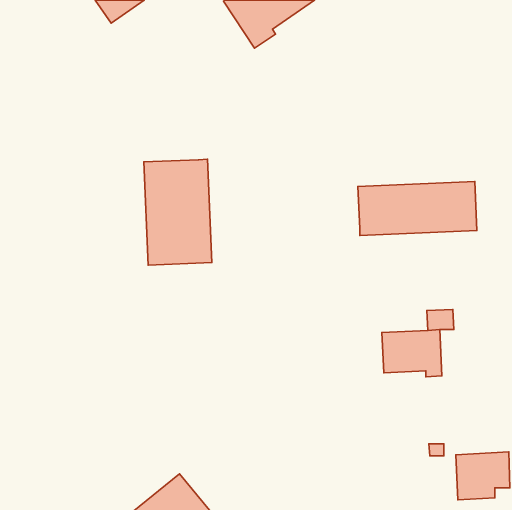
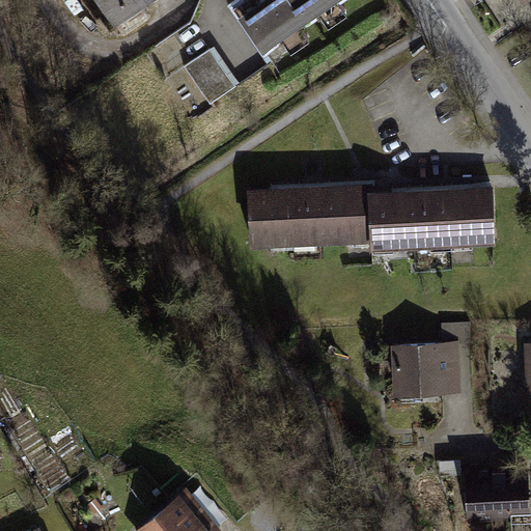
building: none -> [185,50,235,105]
building: [144,159,212,265] -> none
building: none -> [250,187,372,243]

